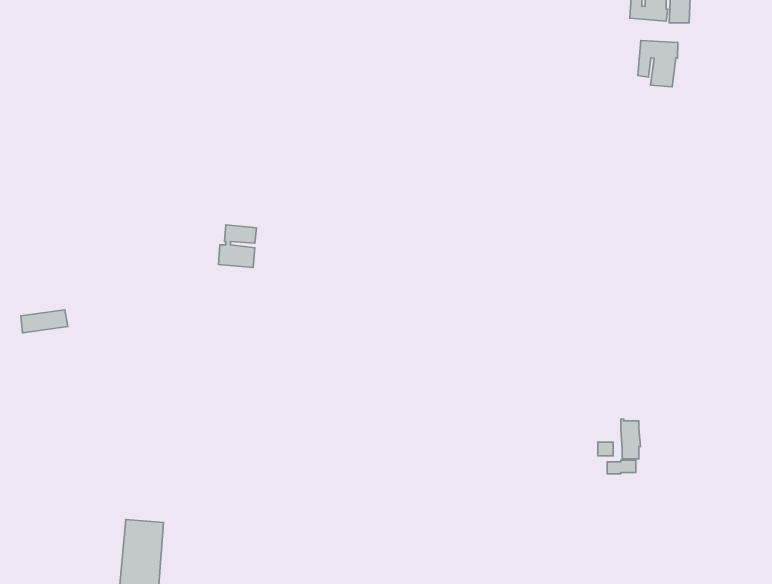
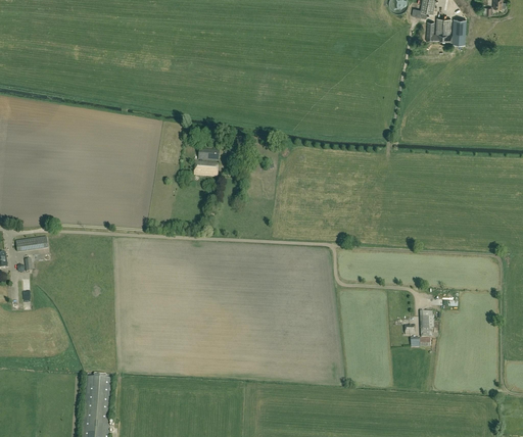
building: [638,41,678,87] -> none
building: [218,225,256,267] -> [193,149,219,178]

